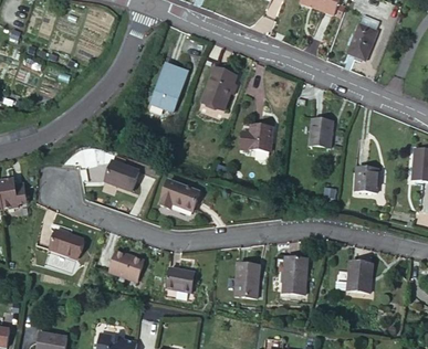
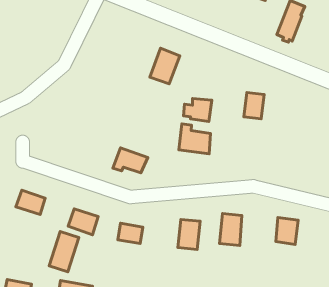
building: [149,63,187,112] -> none
building: none -> [179,124,211,154]
building: [104,160,138,190] -> none
building: [354,167,378,191] -> none
building: none -> [49,232,79,272]

